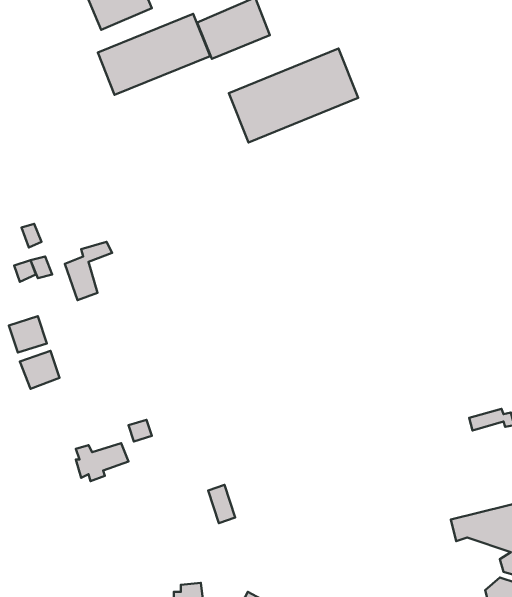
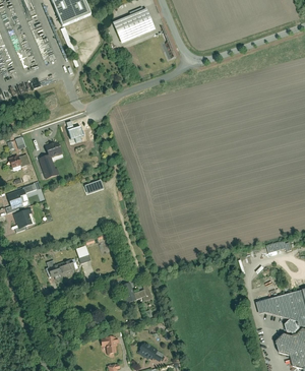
building: [98,14,210,95] -> none
building: [229,49,358,142] -> none

